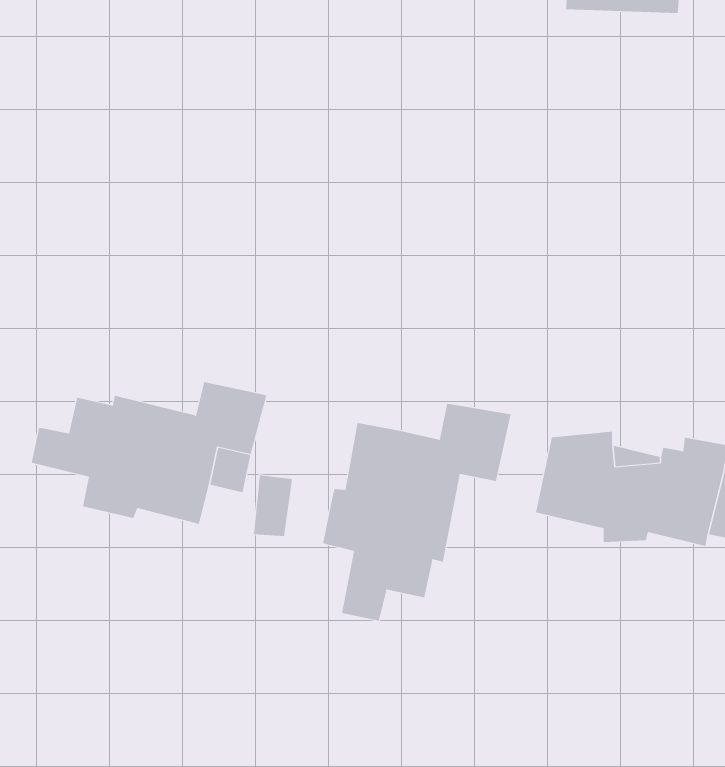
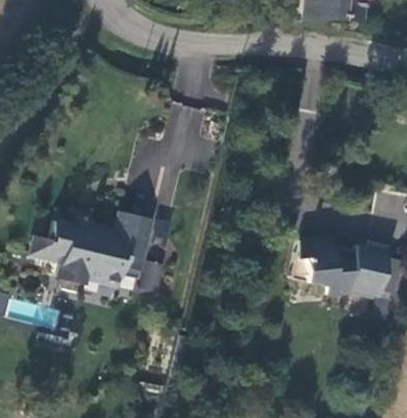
building: [322,403,511,622] -> none

